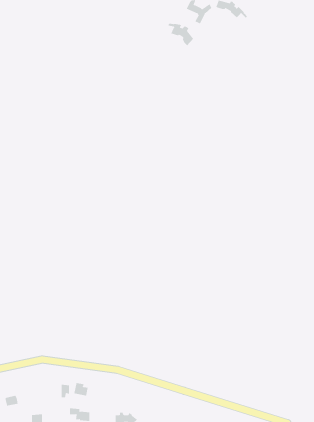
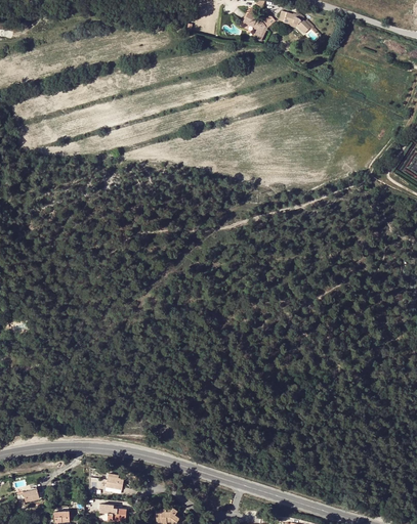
building: [167,23,194,46] -> none

